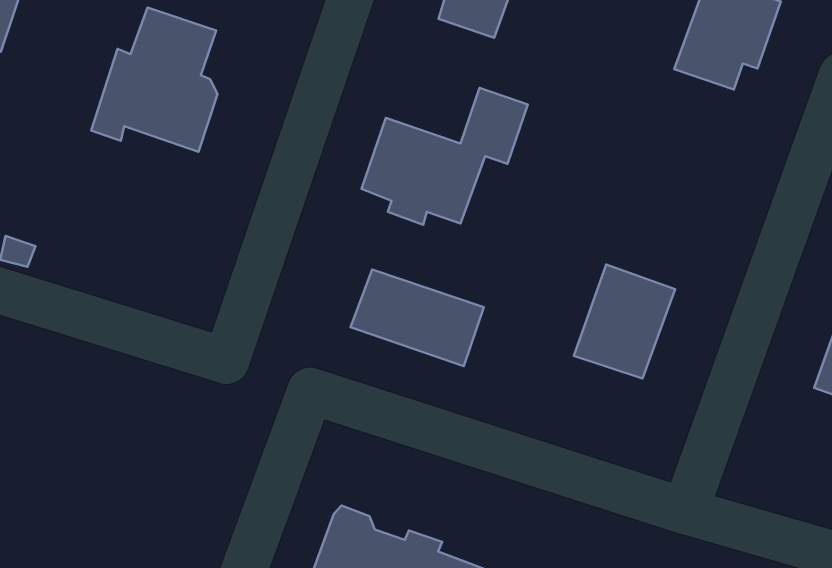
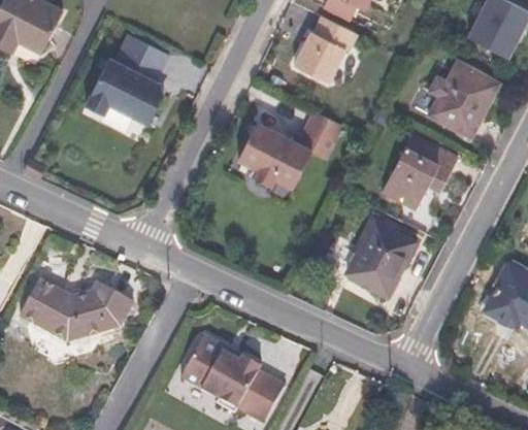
building: none -> [383,134,457,206]
building: [351,269,484,366] -> none
building: none -> [20,288,133,349]

